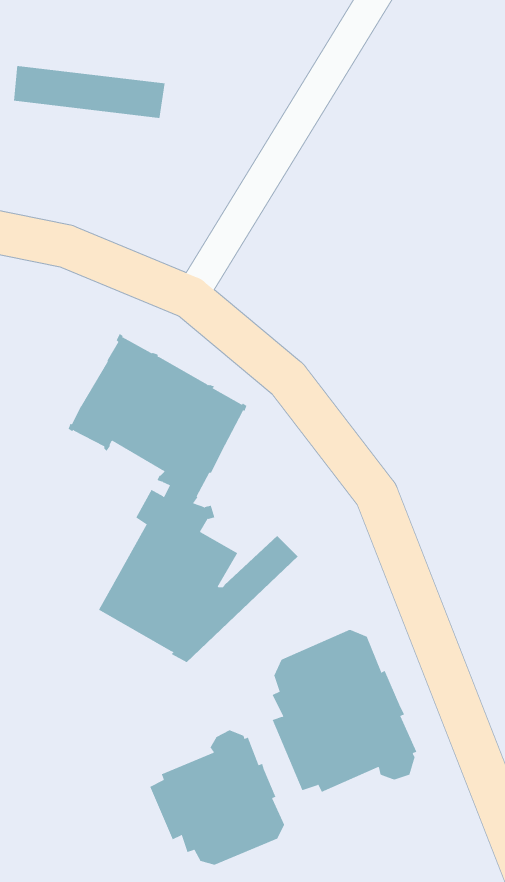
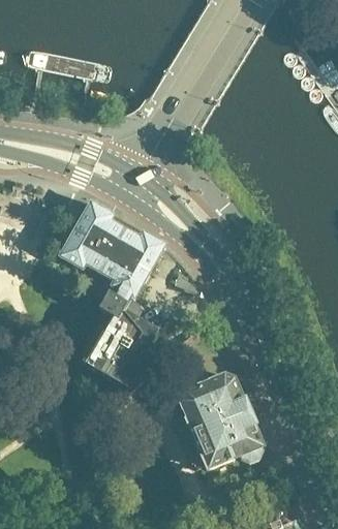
building: [150,730,285,865] -> none

